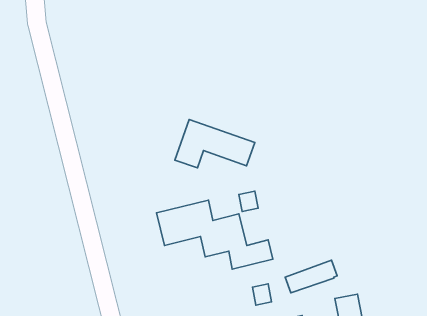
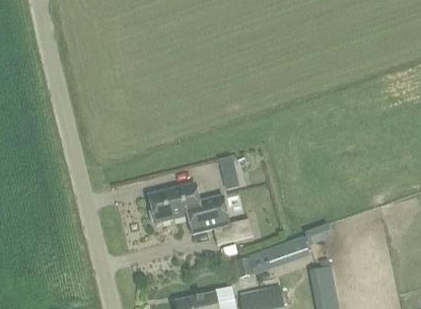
building: [175,120,255,168] -> none

